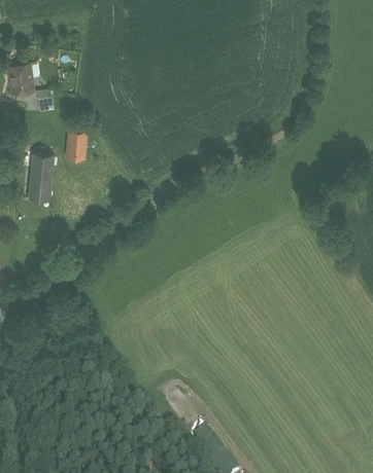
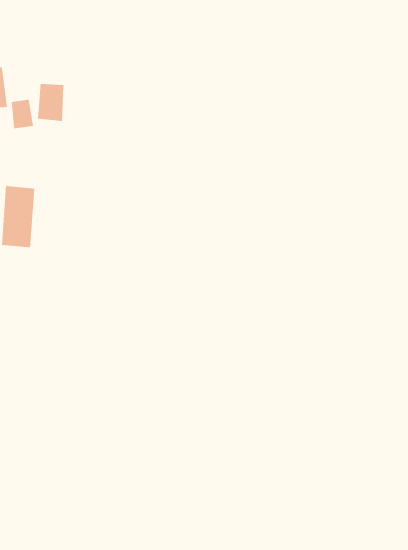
building: [66,133,87,161] -> [37,84,64,121]

